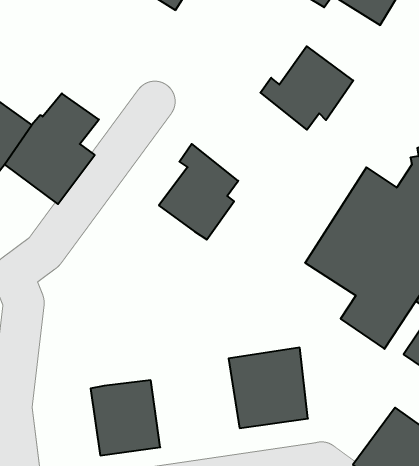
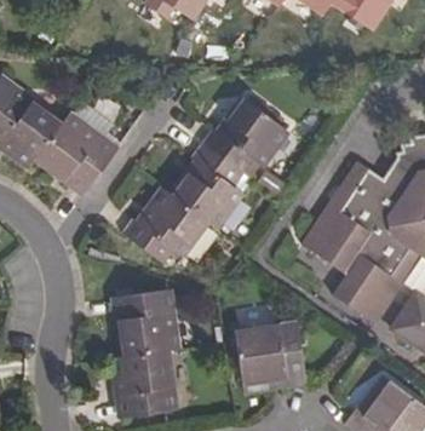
building: [260,46,353,130] -> [202,99,285,173]
building: none -> [121,189,205,263]
building: none -> [116,289,178,355]

